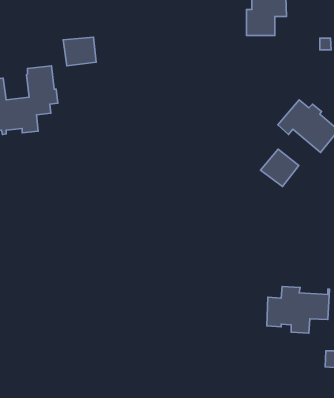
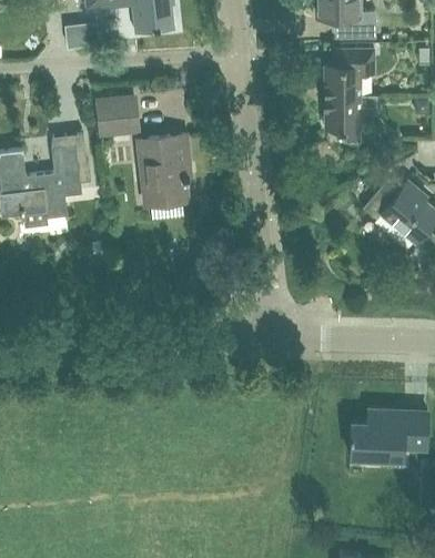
building: none -> [324,97,376,142]
building: none -> [139,134,189,205]
building: [261,149,299,186] -> none

